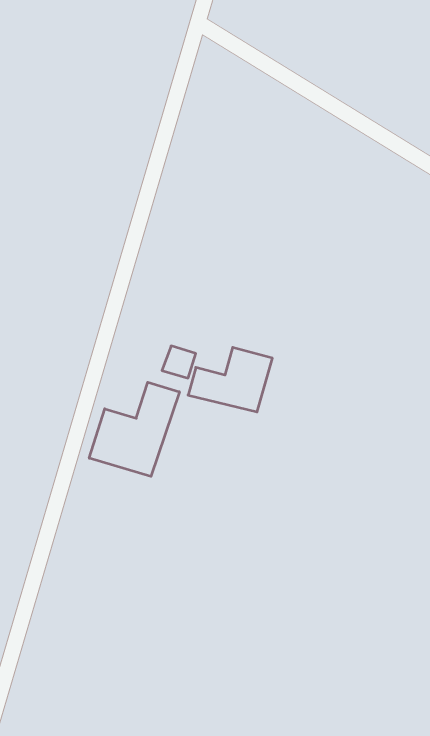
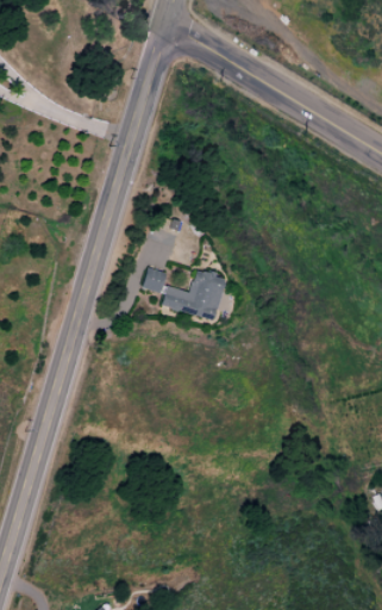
building: [89,382,179,476] -> none

